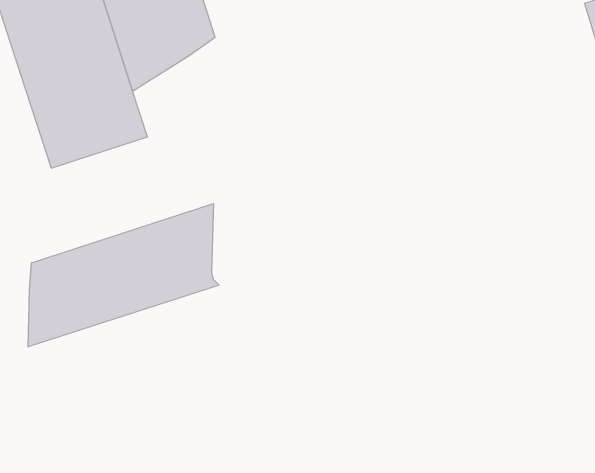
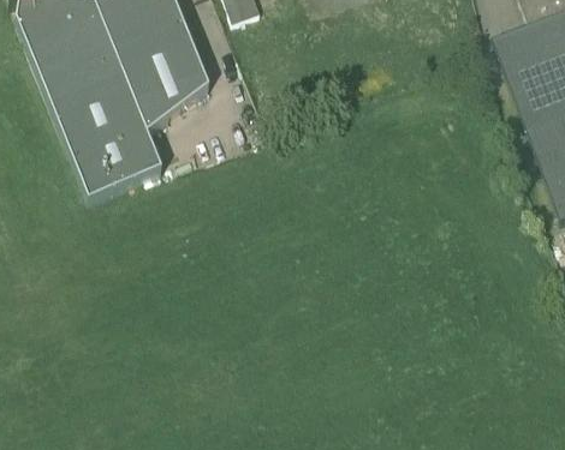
building: [28,204,219,347] -> none

